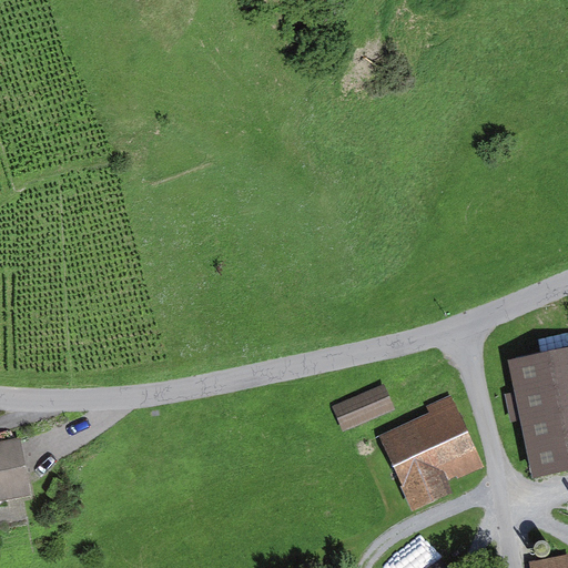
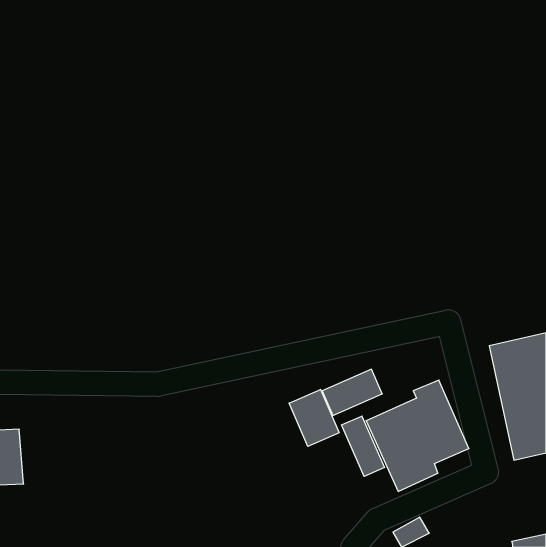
building: none -> [289,389,339,446]
building: none -> [342,416,384,476]

